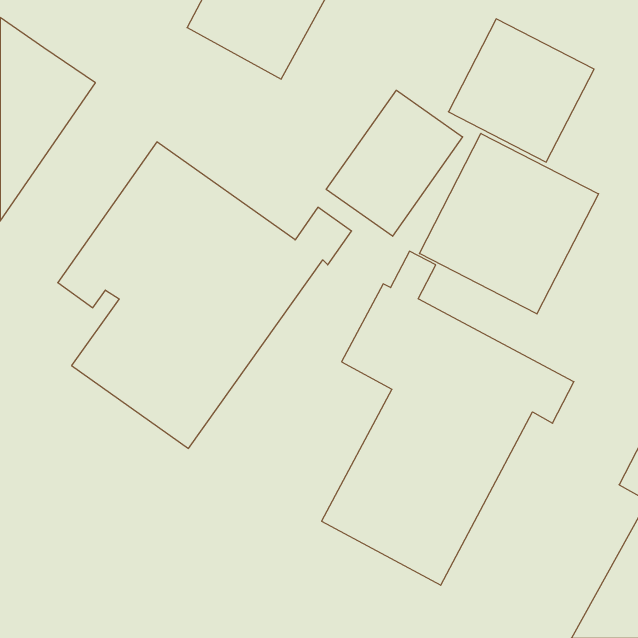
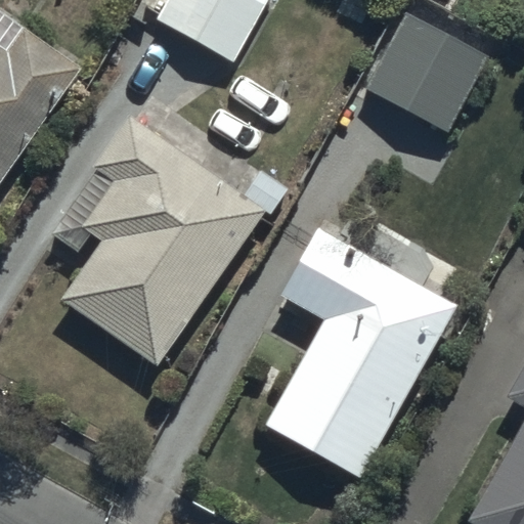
building: [326,90,463,236] -> none
building: [419,133,599,314] -> none

